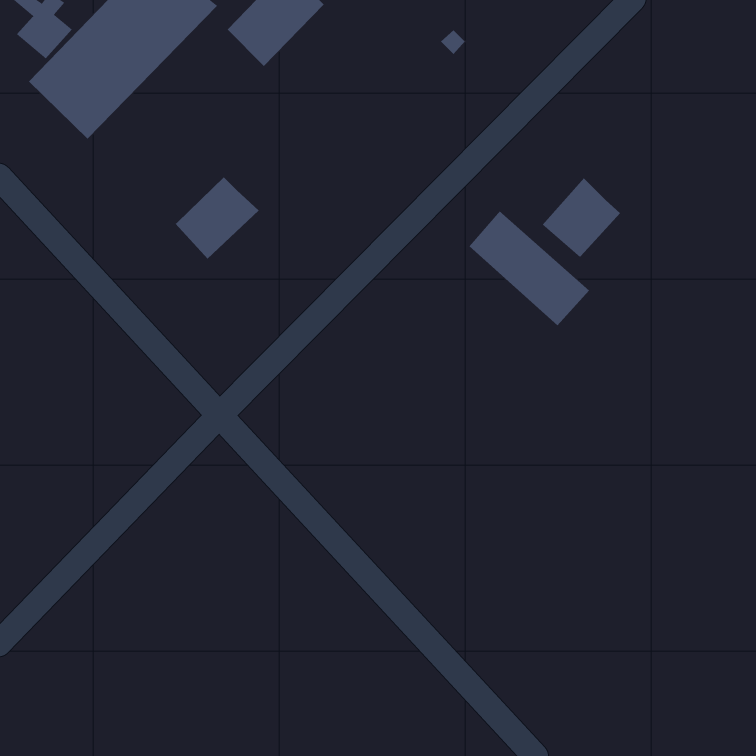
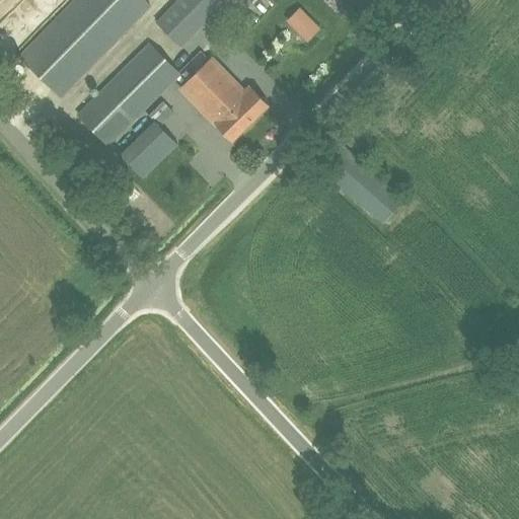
building: none -> [77,44,178,145]
building: none -> [180,58,267,140]
building: [542,177,621,258] -> none

